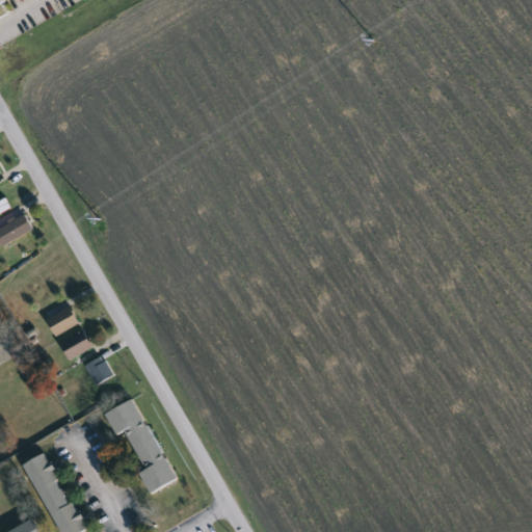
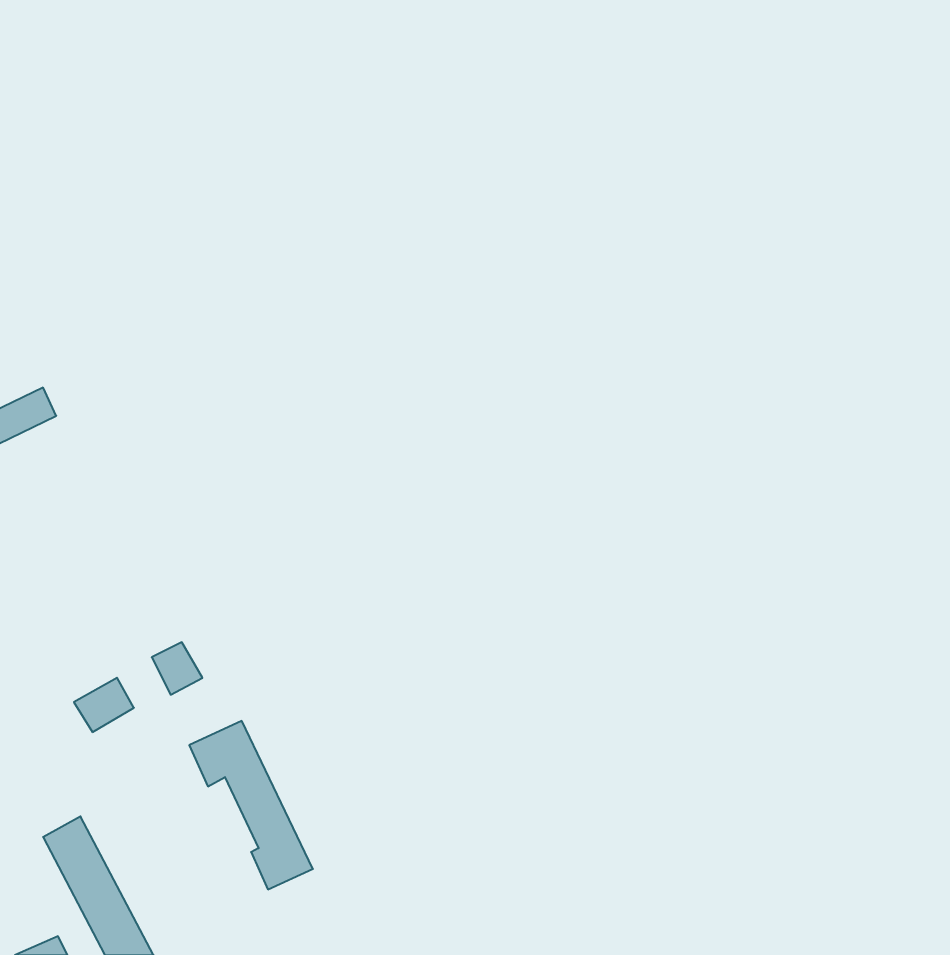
building: [45,307,78,337] -> none
building: [58,330,91,361] -> [74,678,134,732]

